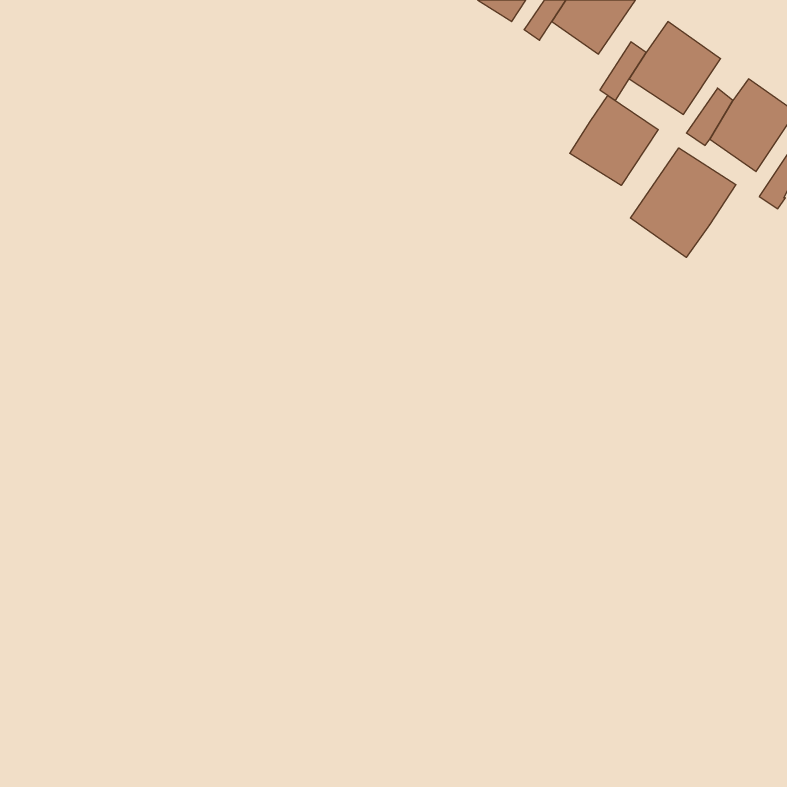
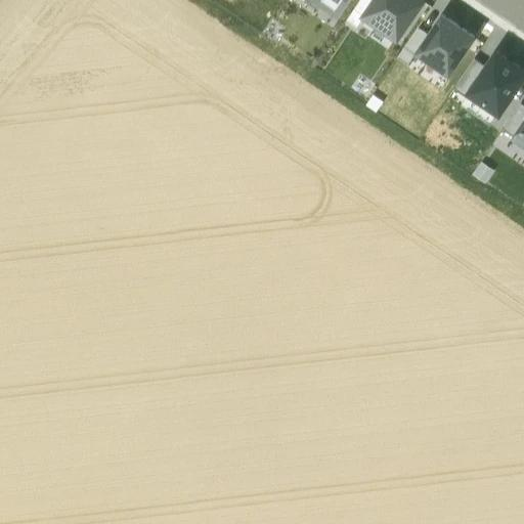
building: [570,95,658,185] -> none
building: [630,148,736,257] -> none

